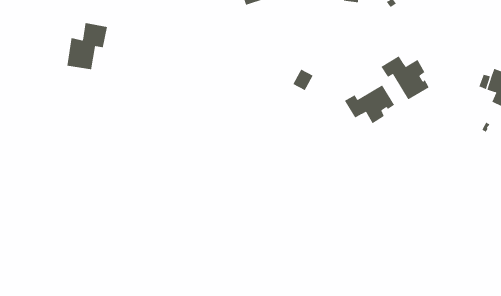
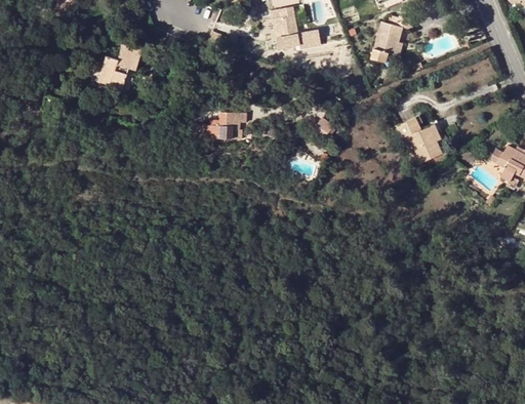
building: none -> [203,112,245,143]
building: [344,84,395,124] -> none

